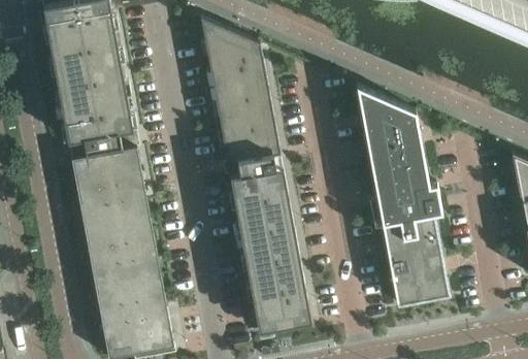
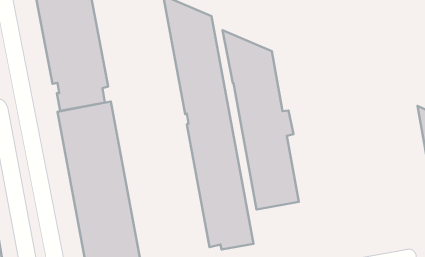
building: [356,87,449,305] -> [223,30,299,209]

